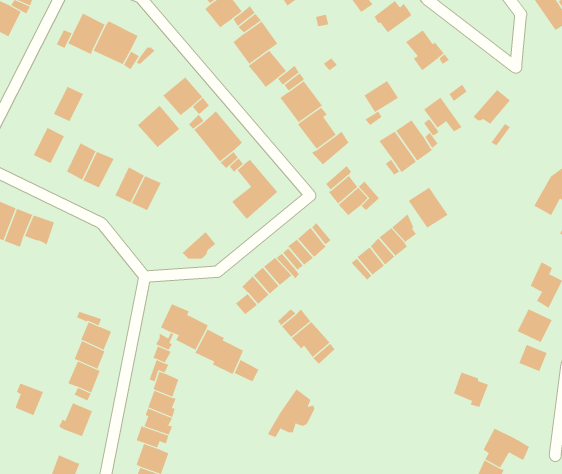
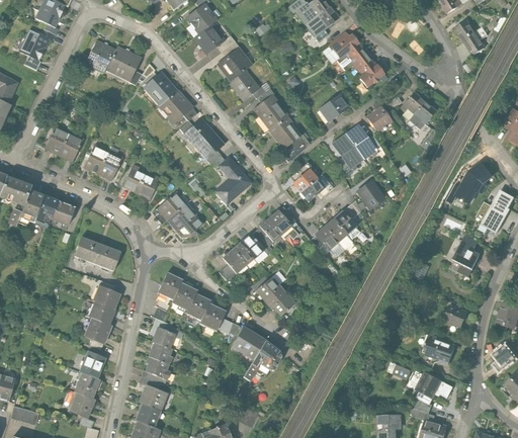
building: none -> [337,42,367,70]
building: none -> [399,92,426,125]
building: [53,86,84,122] -> [44,125,68,154]
building: [137,105,180,148] -> [144,72,178,106]
building: none -> [156,192,194,232]
building: none -> [74,238,120,273]
building: [517,308,552,343] -> none
building: none -> [231,326,266,359]
building: [453,372,489,407] -> [426,335,454,363]
building: [15,383,44,416] -> [76,372,99,399]

